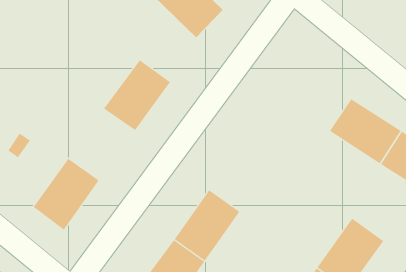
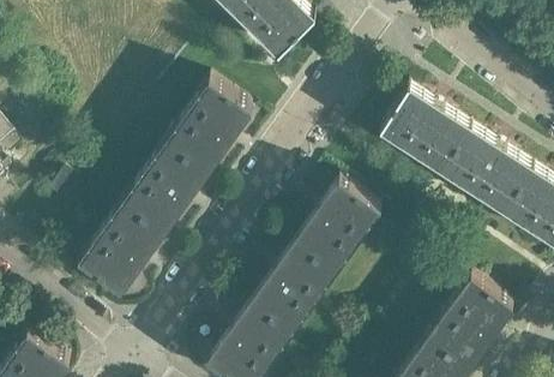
building: none -> [381,91,470,172]
building: none -> [124,144,206,233]
building: none -> [296,182,379,271]

